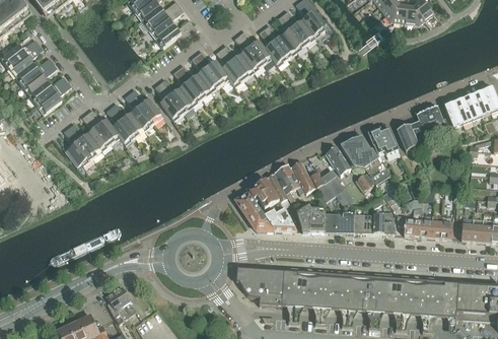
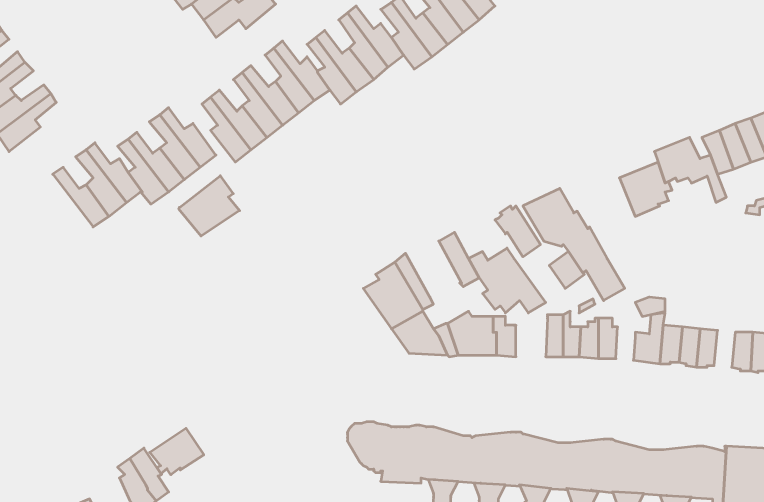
building: [63,127,91,165] -> none
building: [367,127,398,154] -> none
building: none -> [179,176,240,236]
building: [273,162,304,201] -> none
building: [236,193,274,230] -> none
building: [335,209,354,232] -> none
building: none -> [150,428,204,475]

